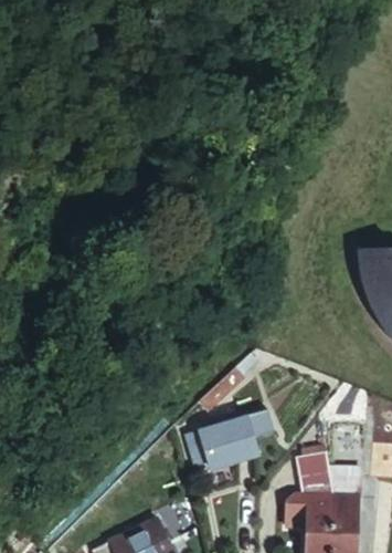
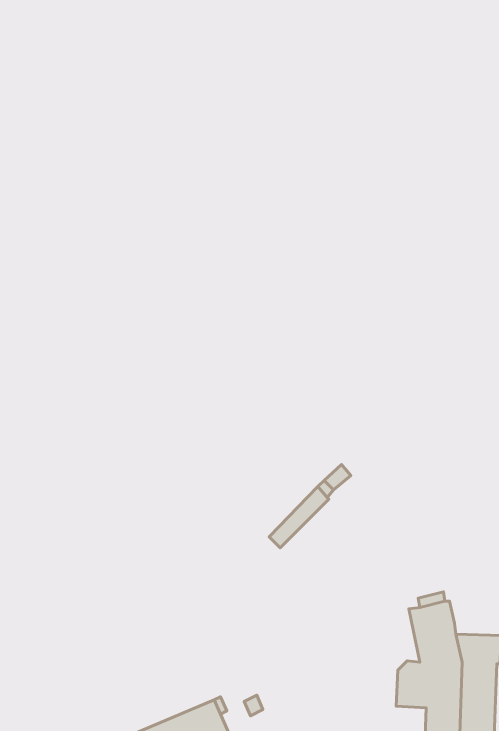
building: [189,411,273,469] -> none

